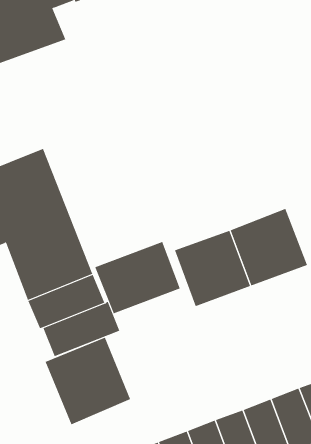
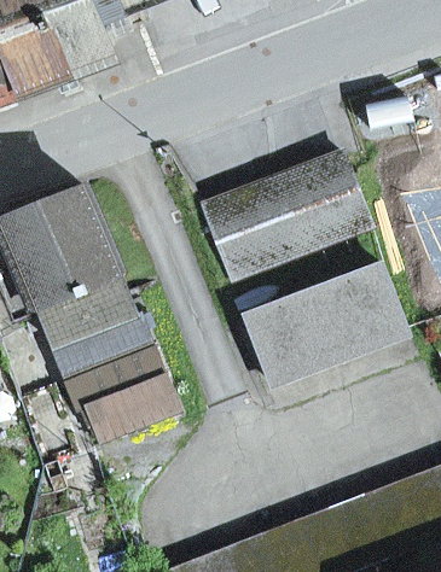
building: none -> [204,154,369,275]
building: [95,241,180,314] -> none
building: [45,337,131,425] -> none

